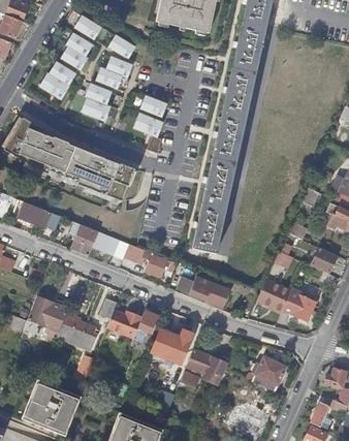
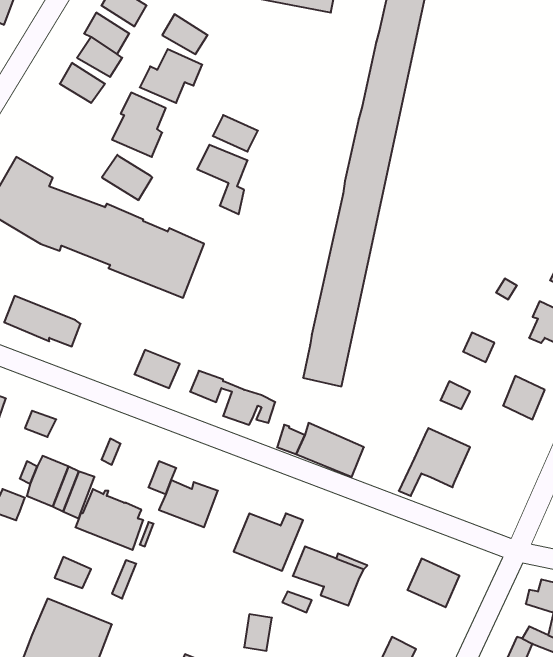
building: [38,73,68,100] -> [102,155,152,200]
building: [73,225,98,255] -> none
building: [283,288,316,321] -> none
building: [134,311,160,342] -> none

